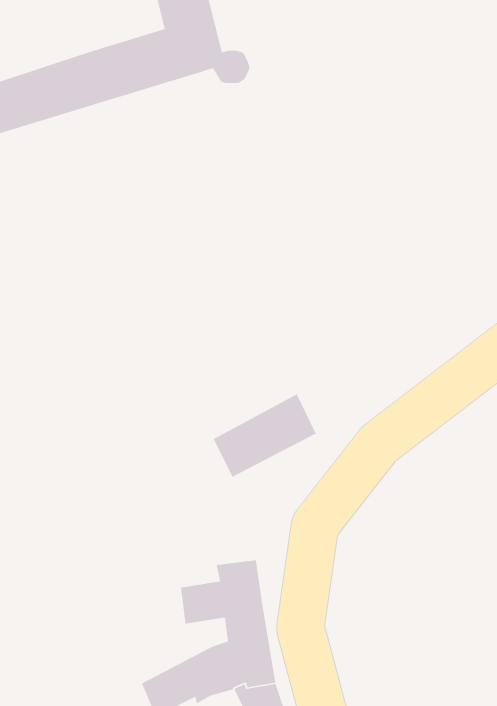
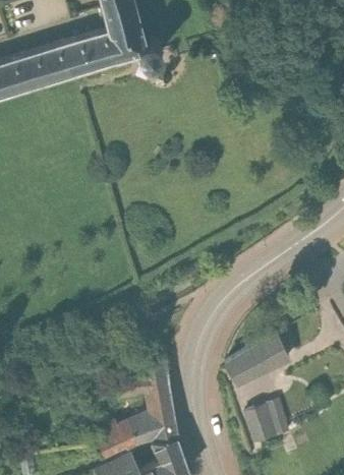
building: [213,393,317,478] -> [226,335,291,388]
building: none -> [244,406,278,444]

